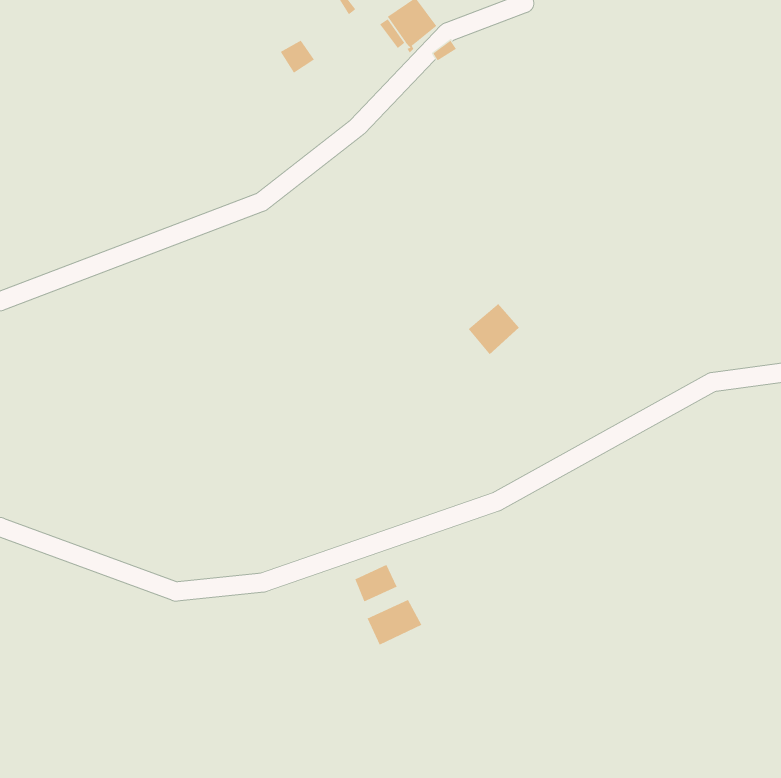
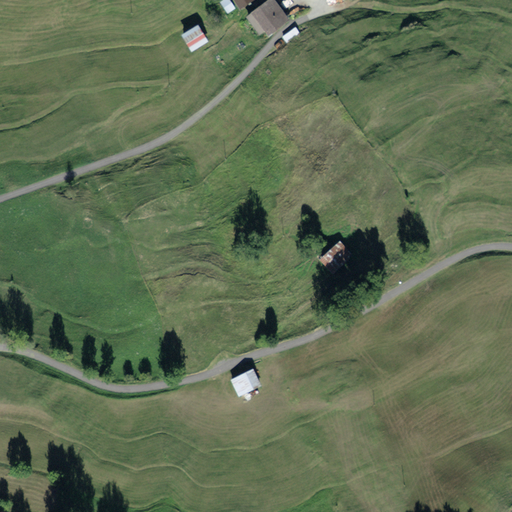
building: [468,303,520,355] -> [319,238,353,272]
building: [367,599,422,646] -> none

